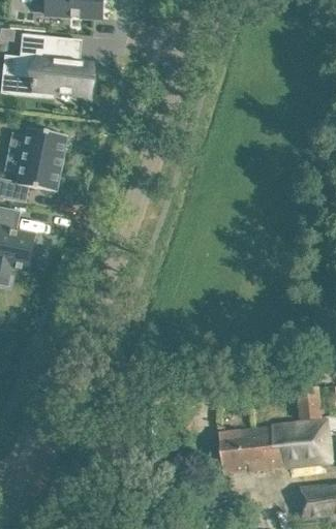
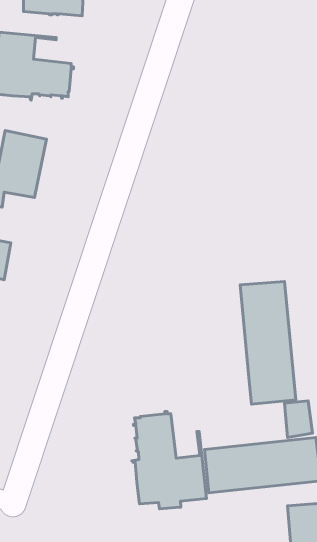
building: none -> [240,281,296,404]
building: none -> [132,411,206,509]

